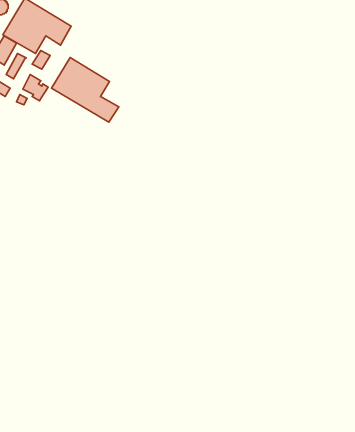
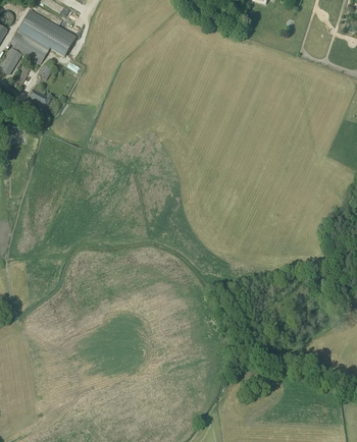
building: [52,57,119,122] -> none

